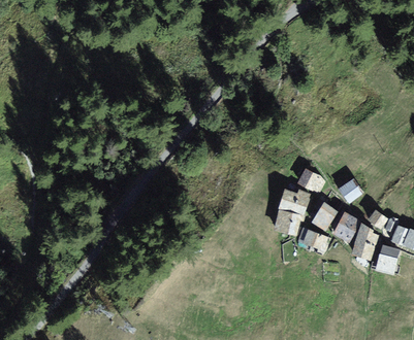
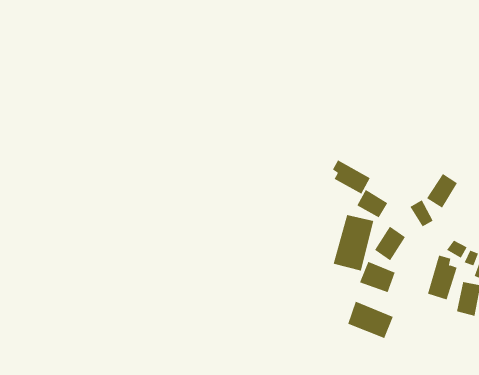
building: none -> [332,159,370,194]
building: [332,212,358,241] -> [426,173,458,208]
building: none -> [348,301,394,339]

